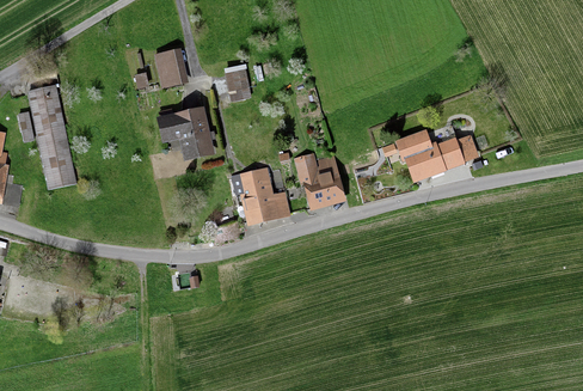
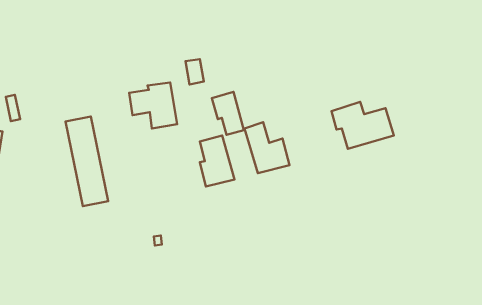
building: [157,44,190,92] -> none
building: [24,90,74,195] -> [65,116,108,206]
building: none -> [212,92,244,135]

